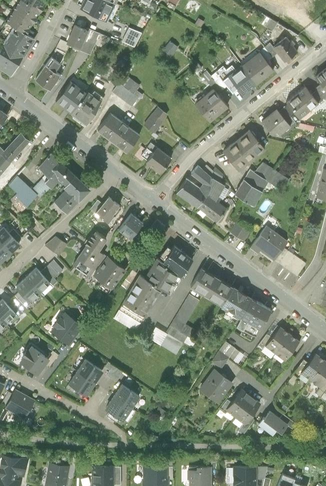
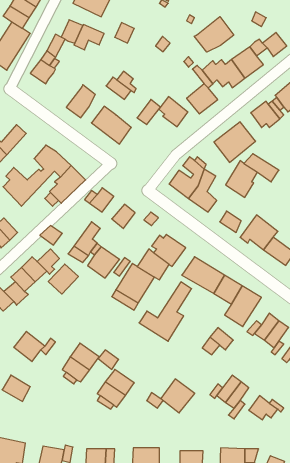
building: none -> [194,17,234,52]
building: [55,81,87,114] -> none
building: [141,142,171,173] -> [159,97,188,127]
building: [49,313,80,344] -> [48,264,78,294]
building: [199,369,234,404] -> [161,379,195,413]

